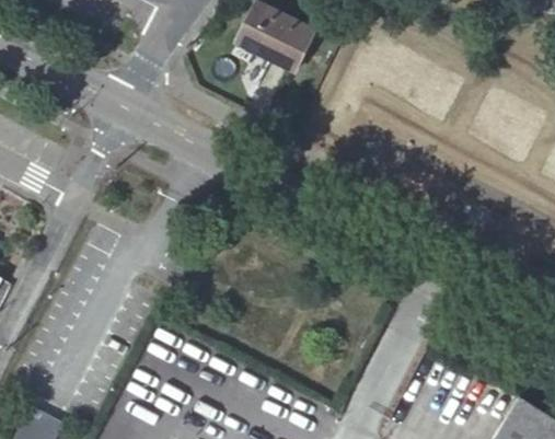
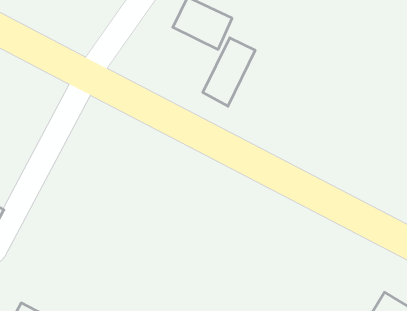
building: none -> [203,38,255,106]

